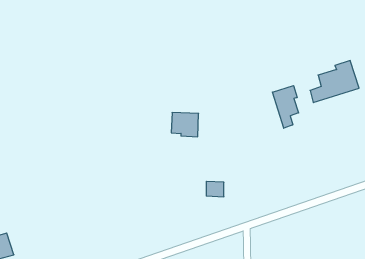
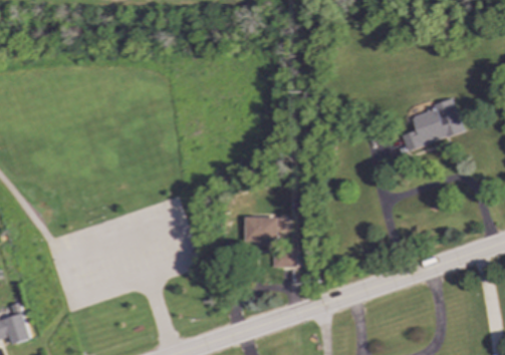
building: [272,86,299,128] -> none
building: [171,113,199,137] -> [243,217,277,247]

